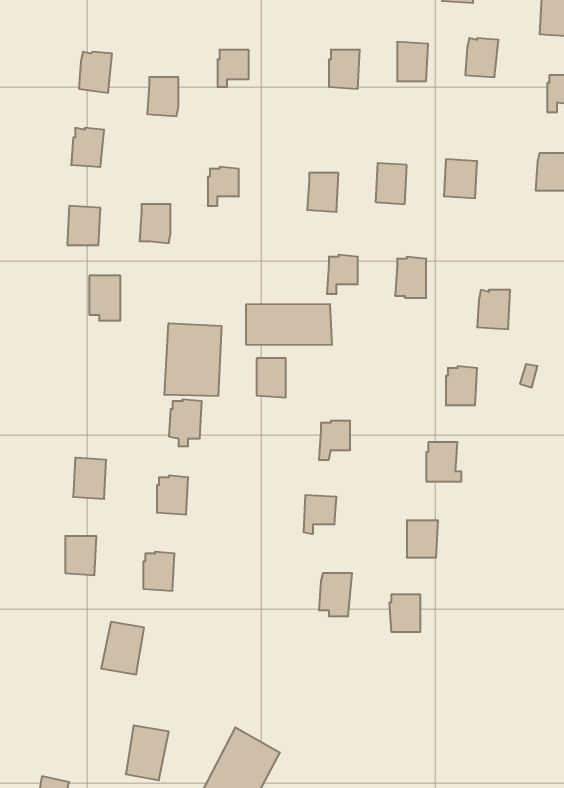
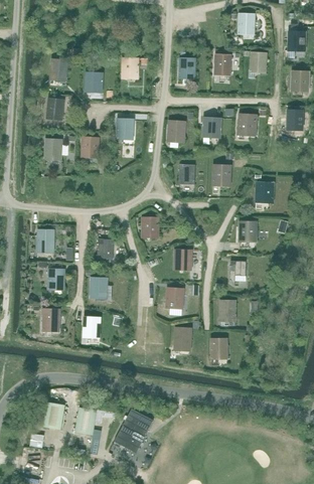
building: [89,276,120,321] -> [37,229,53,253]
building: [246,304,332,345] -> none
building: [164,323,221,396] -> none
building: [101,622,144,674] -> [42,401,64,429]

